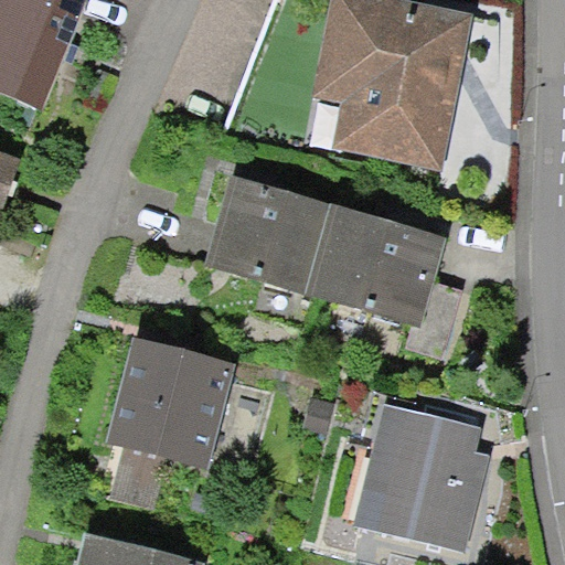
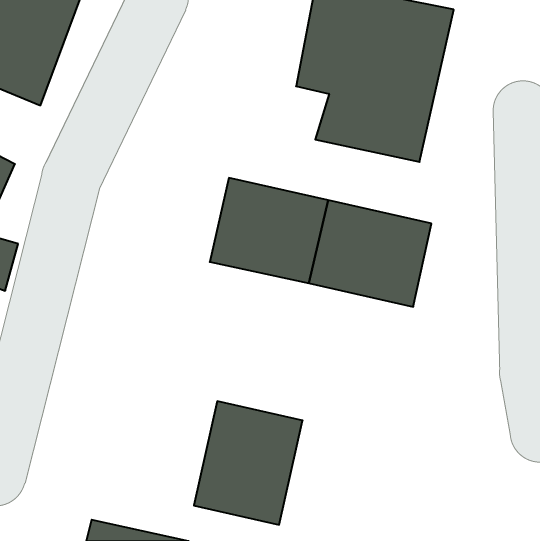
building: [117,343,230,471] -> [194,401,303,525]
building: [366,408,487,552] -> none

